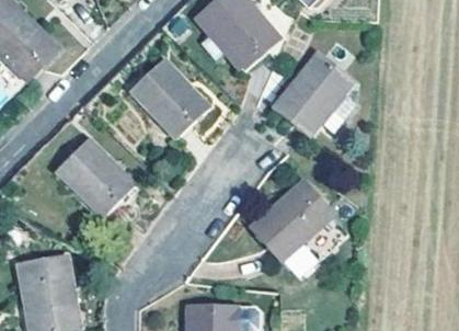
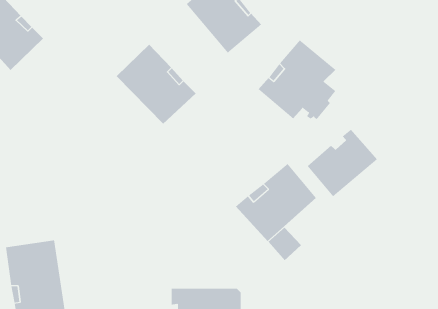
building: [55,137,136,217] -> none
building: none -> [307,129,378,197]

